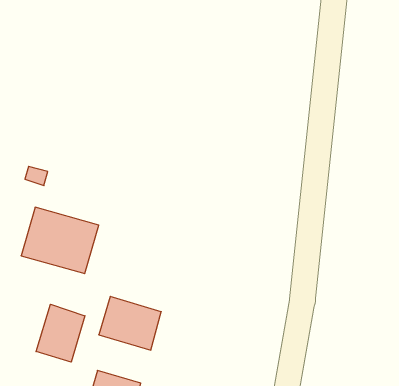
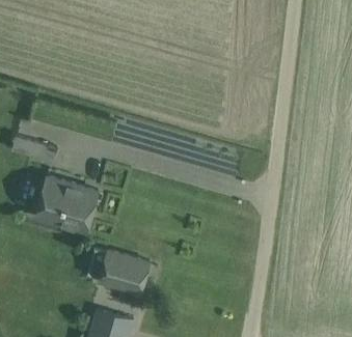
building: [36,304,85,362] -> none

